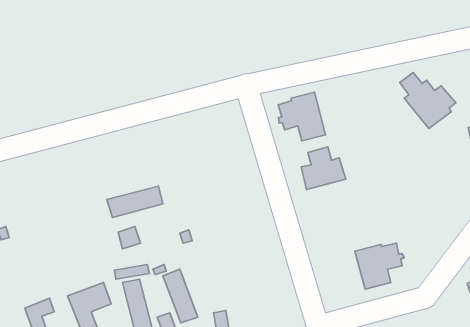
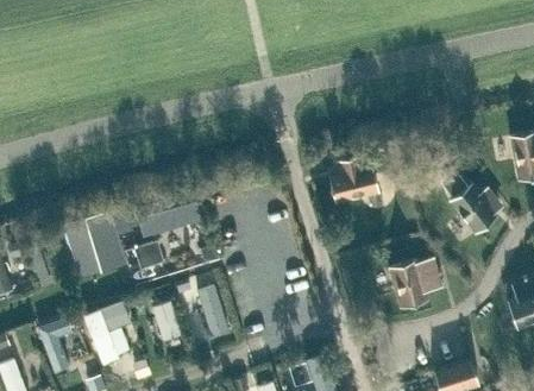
building: [400,72,456,129] -> [446,176,505,235]
building: [278,92,326,141] -> none
building: none -> [67,210,127,277]

